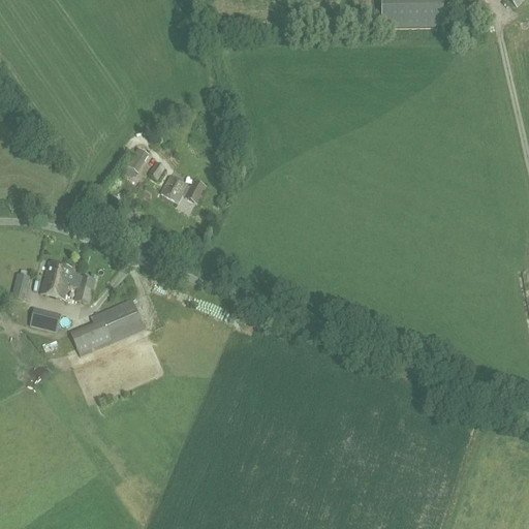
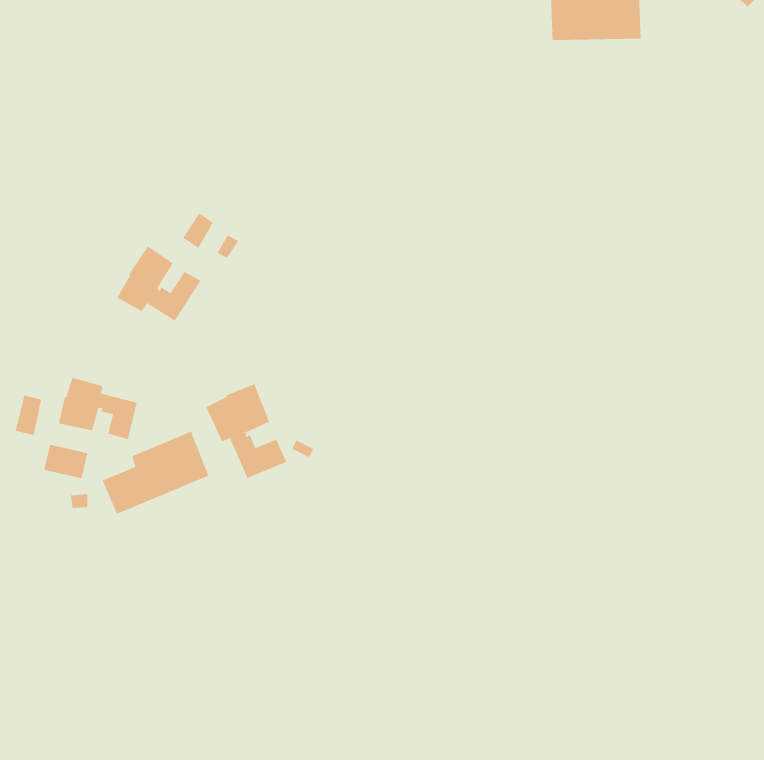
building: none -> [116,246,201,321]
building: [162,177,207,204] -> none
building: none -> [206,383,287,479]

